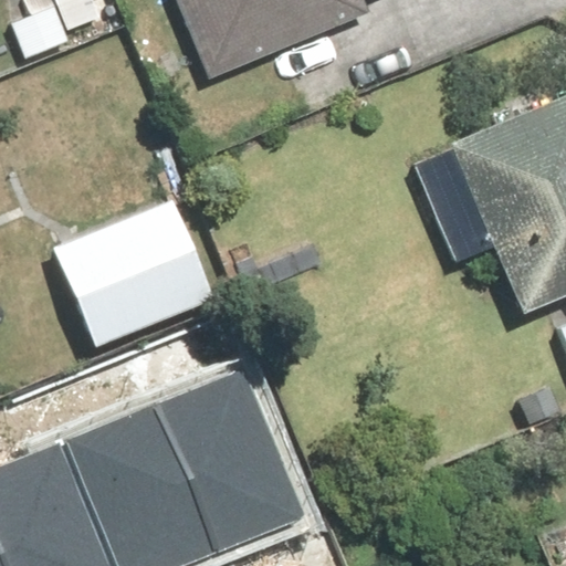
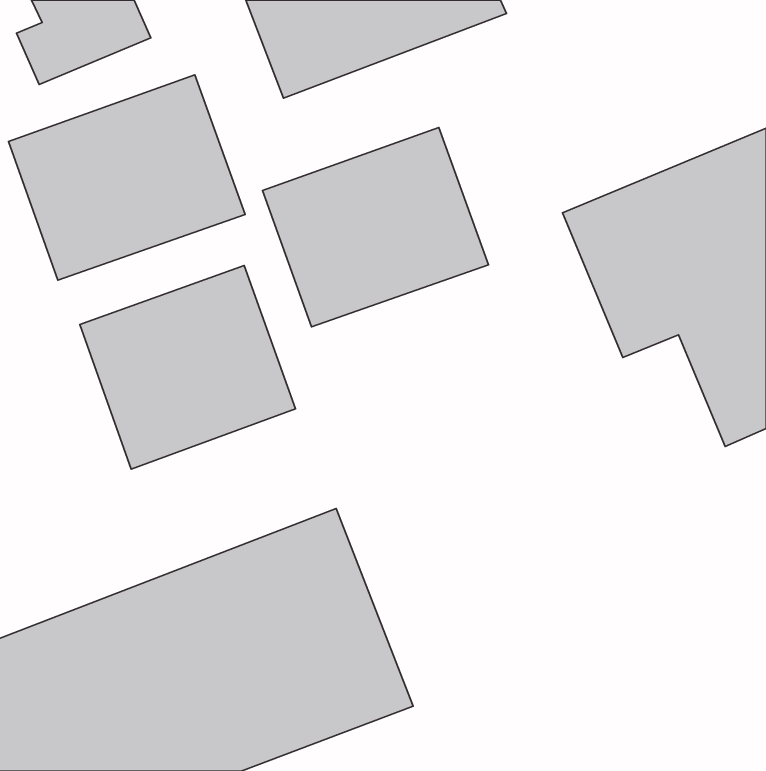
building: none -> [8,75,245,280]
building: none -> [263,127,488,327]

